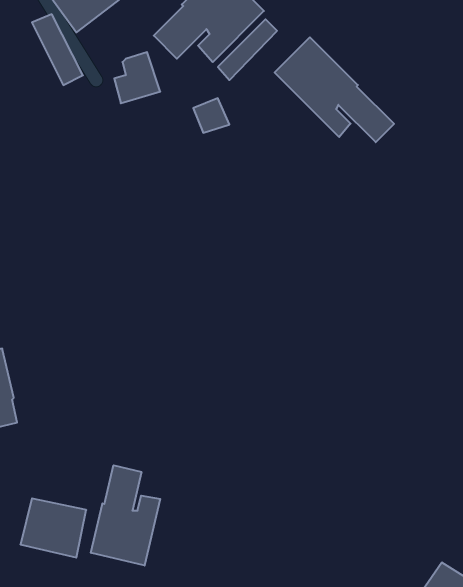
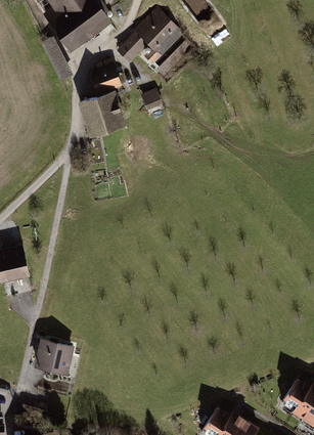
building: [275,37,394,142] -> none
building: none -> [81,93,123,134]
building: [91,465,160,566] -> none

